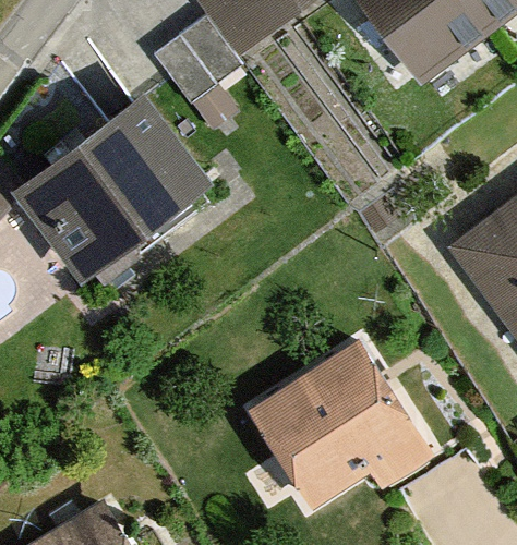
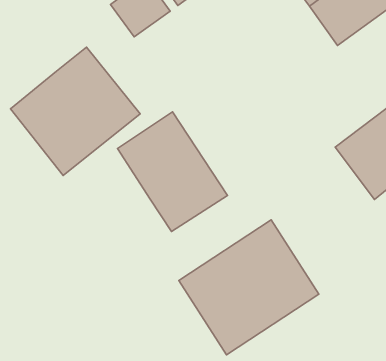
building: none -> [117,112,227,232]

